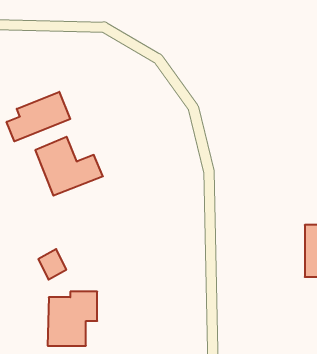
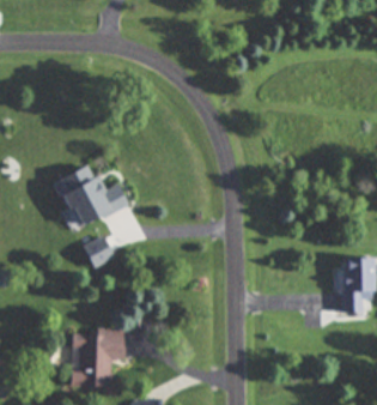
building: [7,92,70,141] -> none
building: [38,249,66,280] -> [84,236,114,268]

